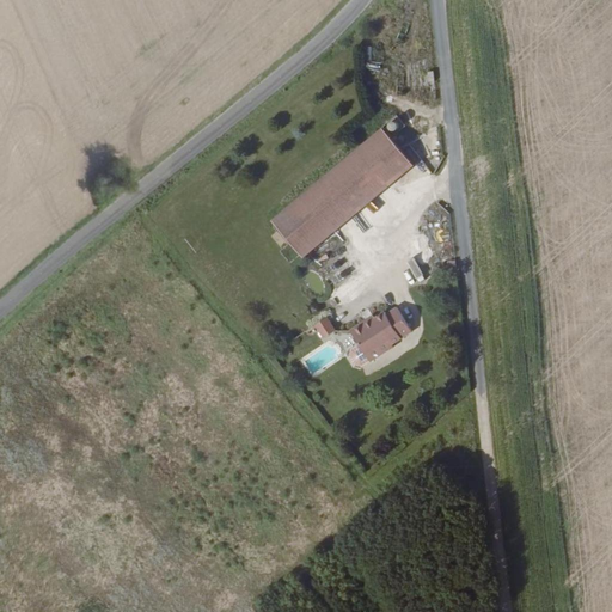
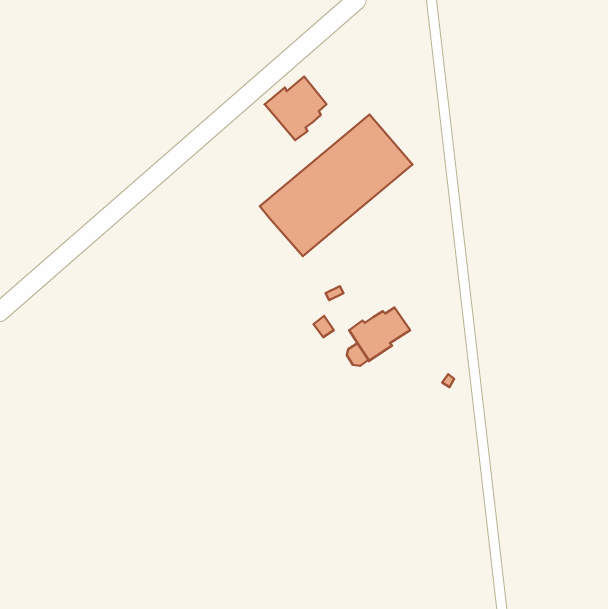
building: none -> [264,77,327,140]

